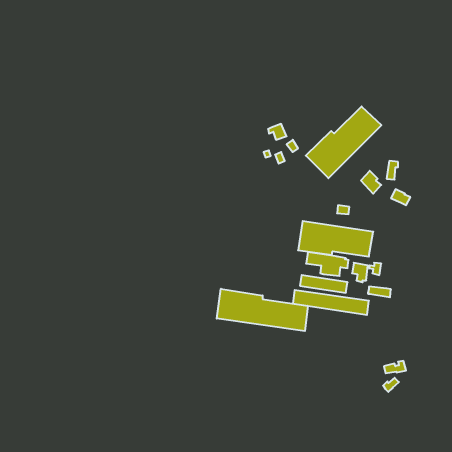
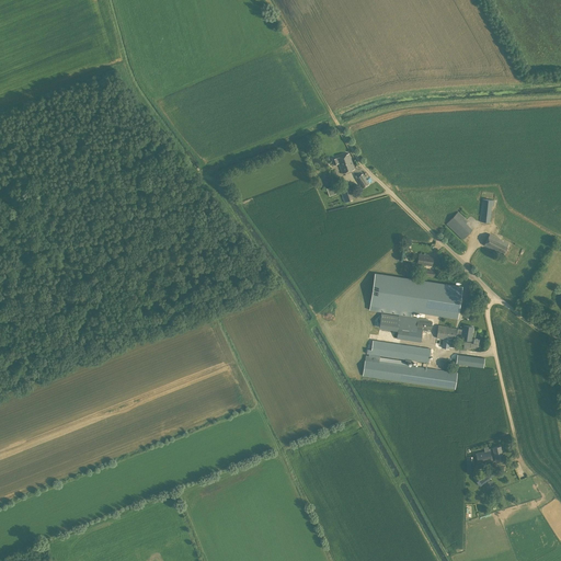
building: [306,106,381,178] -> none
building: [217,289,308,331] -> none

